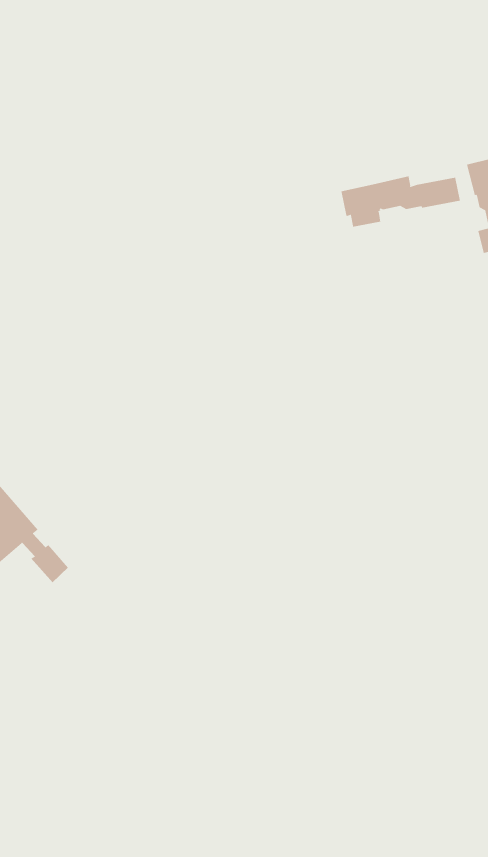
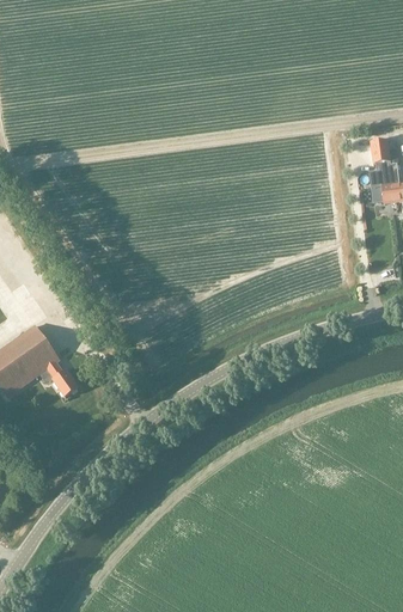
building: [341,176,460,228] -> none

